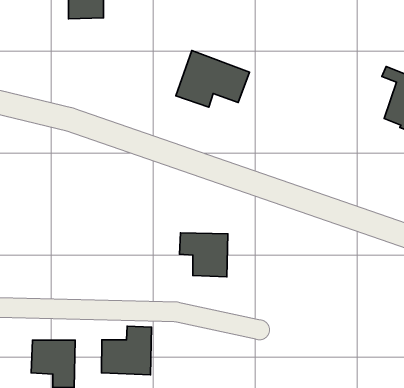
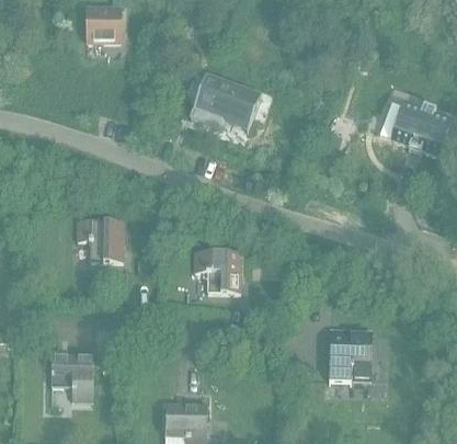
building: none -> [77,219,123,262]
building: none -> [329,332,372,379]
building: [101,326,152,375] -> none

